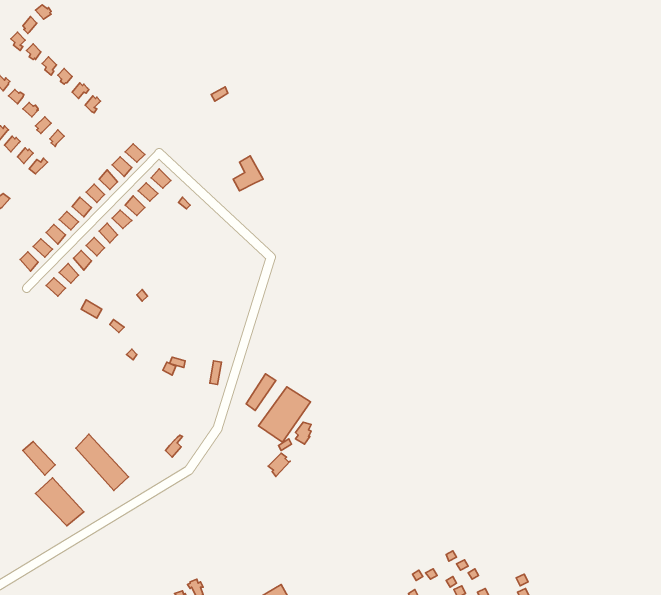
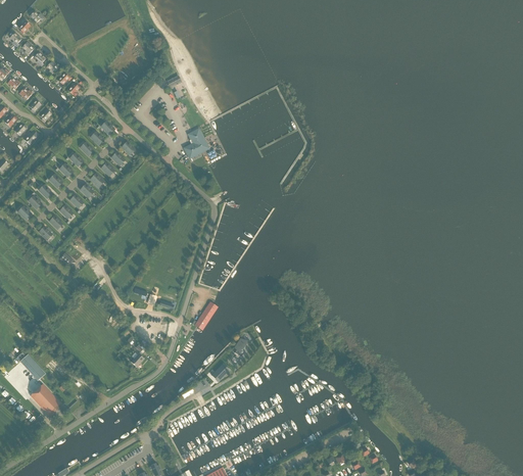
building: [259,387,310,442] -> none
building: [76,434,128,490] -> none

